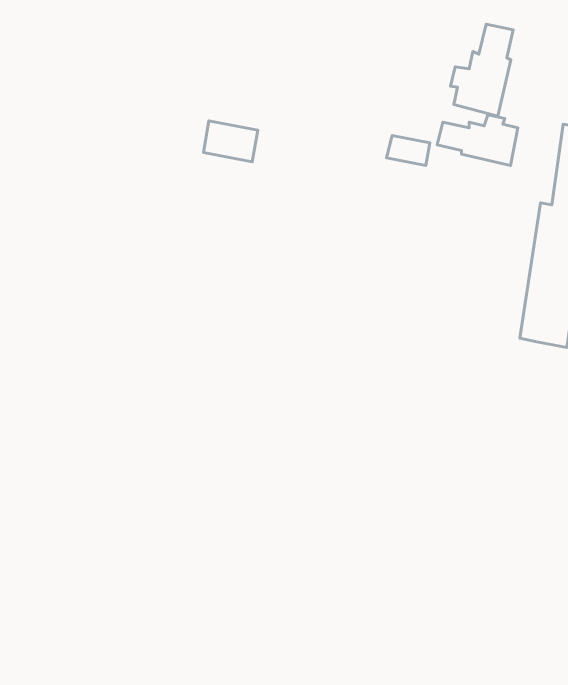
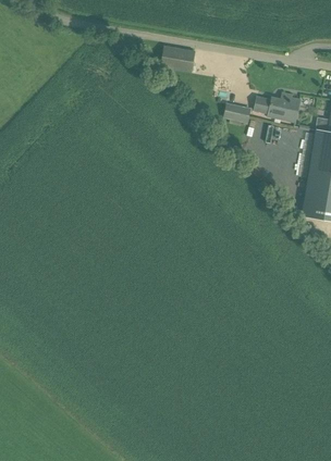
building: [451,24,513,116] -> none
building: [203,121,258,162] -> [156,42,187,66]

